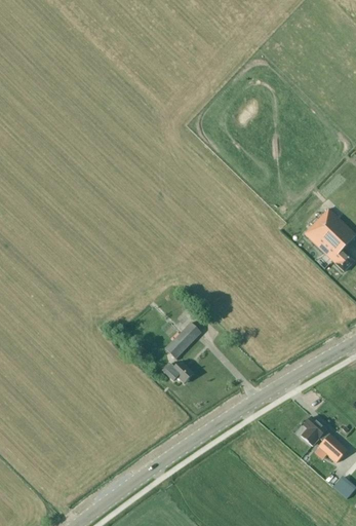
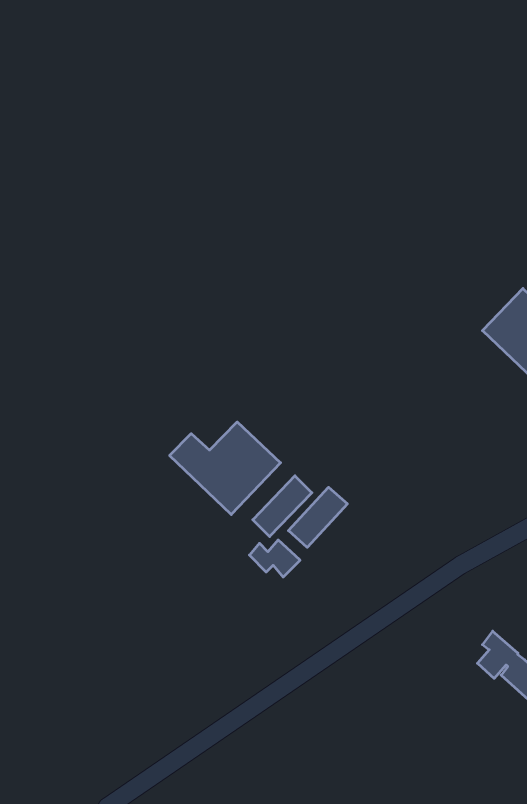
building: none -> [170,422,281,515]
building: none -> [288,487,347,547]

